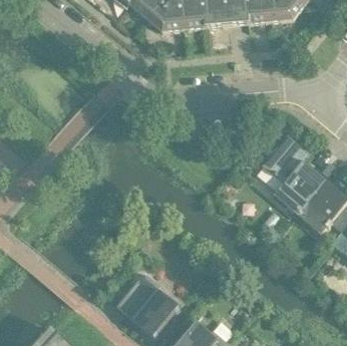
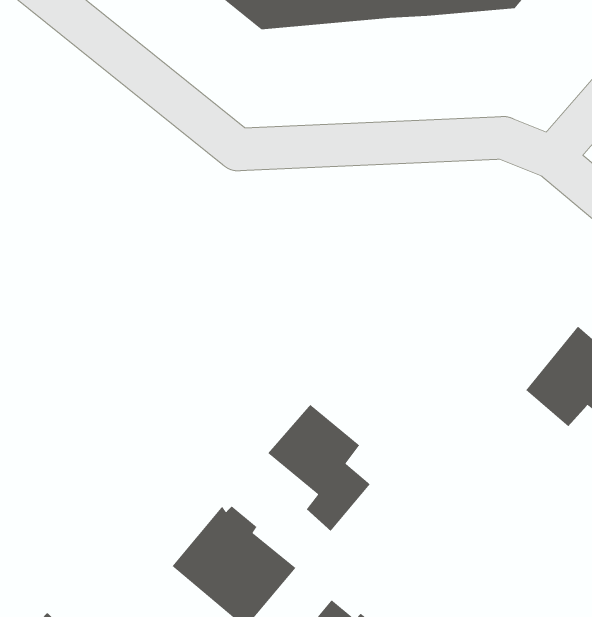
building: [260,133,323,214] -> none
building: none -> [267,404,371,532]

